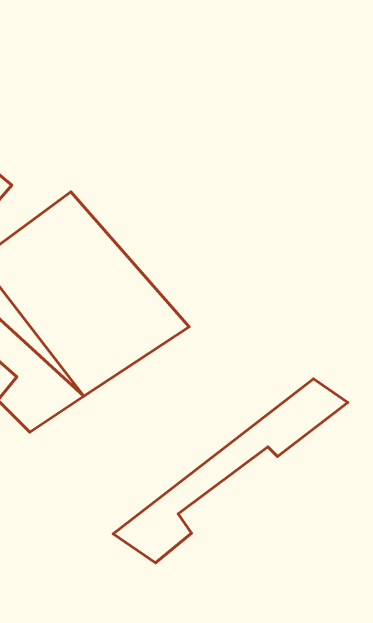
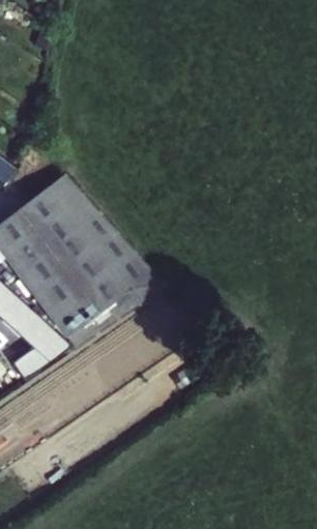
building: [113,379,348,563] -> none

